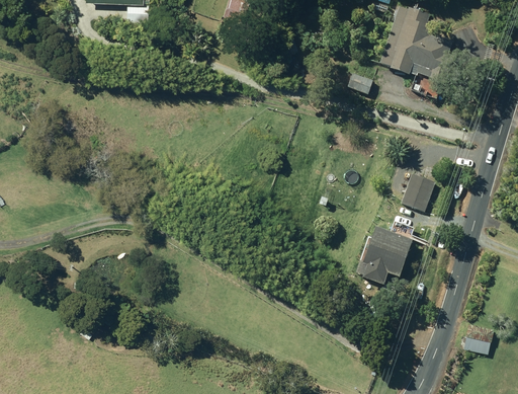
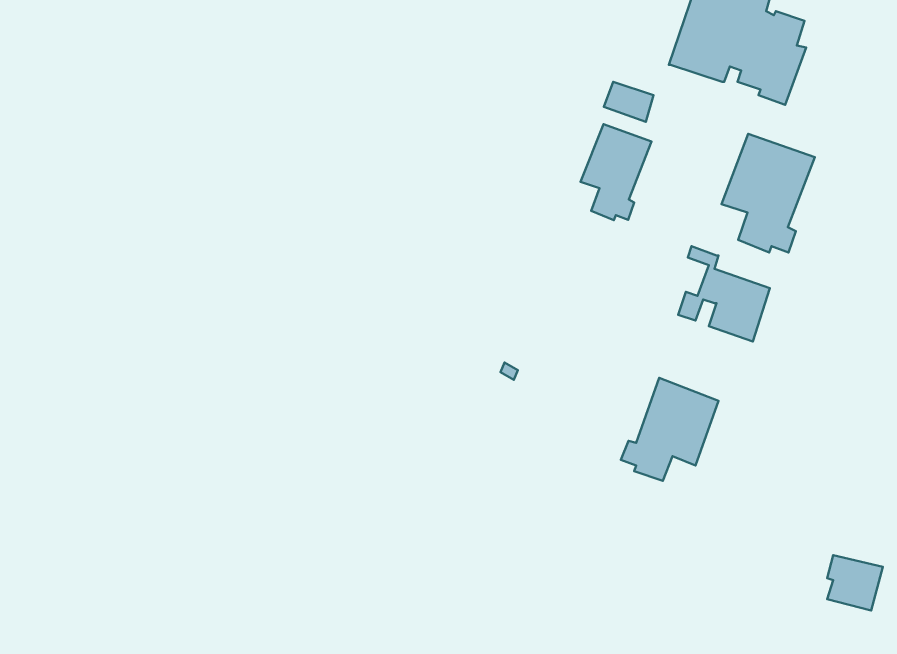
building: none -> [581,124,652,220]
building: none -> [721,134,815,252]

